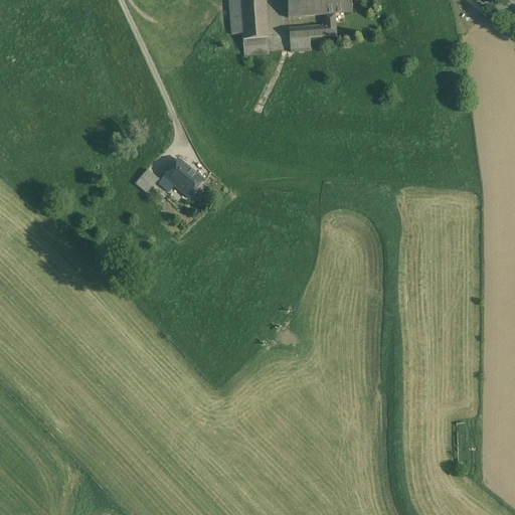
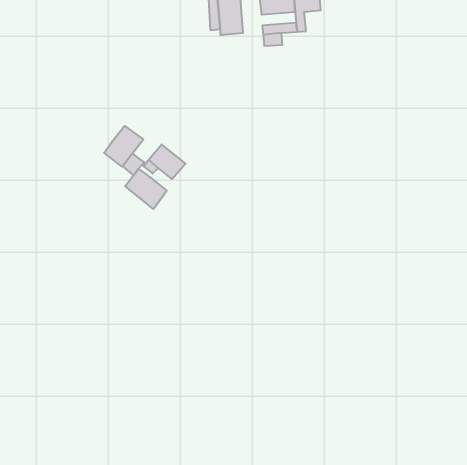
building: [242,36,269,55] -> none
building: none -> [104,126,143,167]
building: none -> [125,169,167,209]

